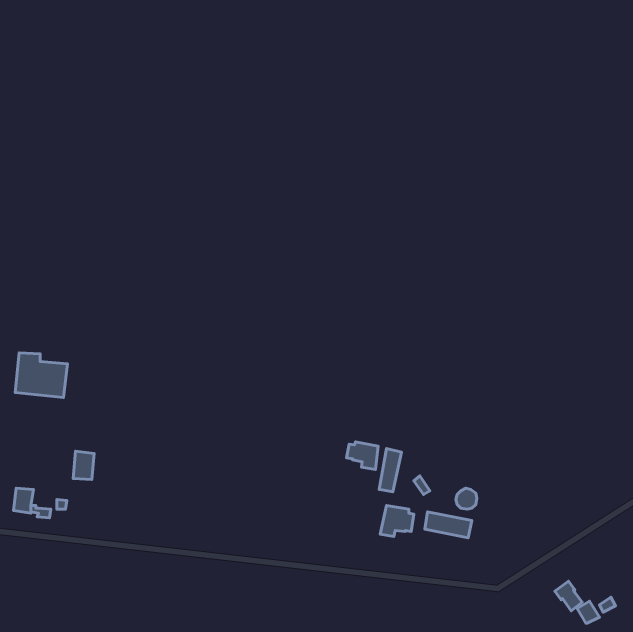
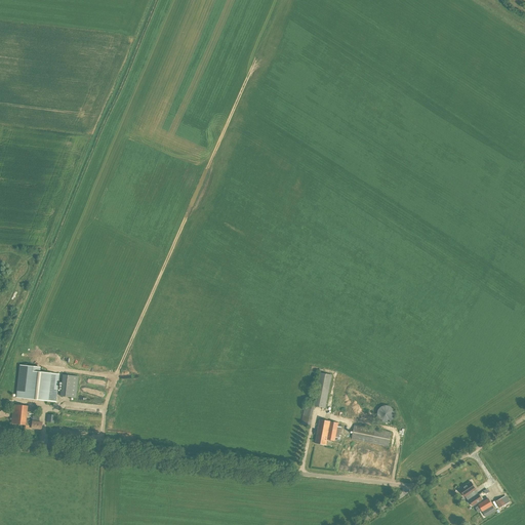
building: [15,353,67,397] -> [15,364,58,401]
building: [346,442,378,469] -> none

